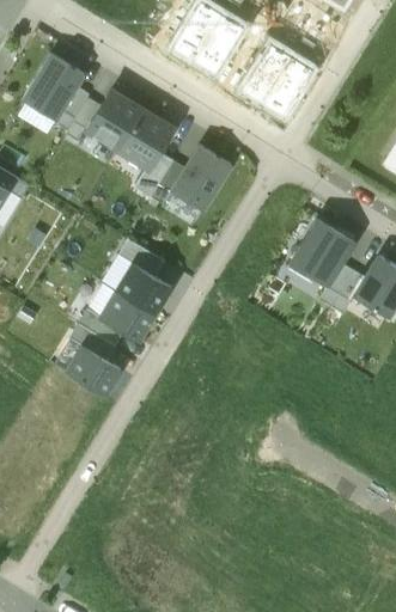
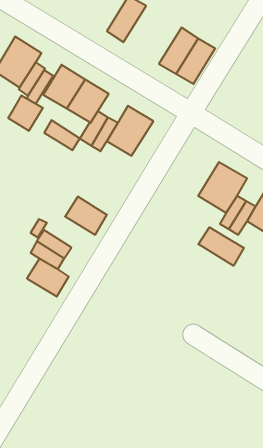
building: [193,14,244,75] -> none
building: none -> [8,95,43,131]
building: [118,240,165,280] -> [44,120,80,150]
building: [100,292,156,341] -> none
building: none -> [198,227,244,266]

